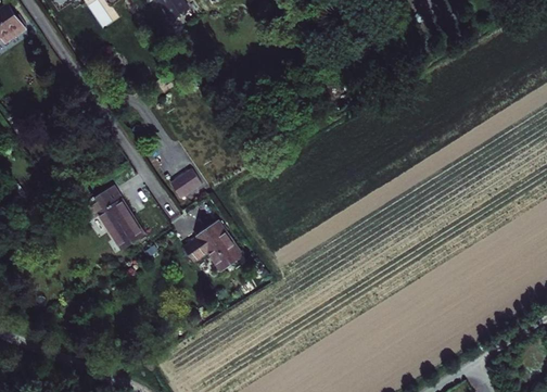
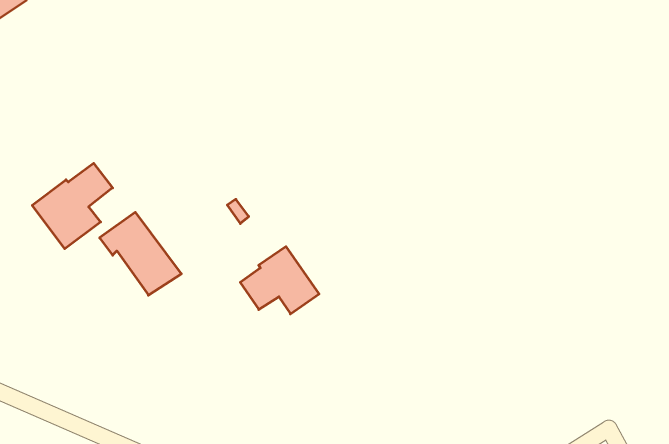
building: none -> [32,163,113,249]

